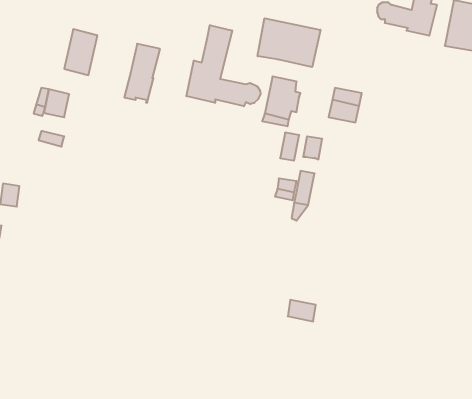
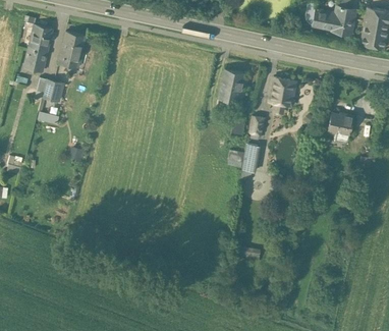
building: [258,18,320,67] -> none
building: [186,25,260,106] -> none
building: [124,44,160,103] -> [23,24,52,71]
building: none -> [327,113,353,143]

